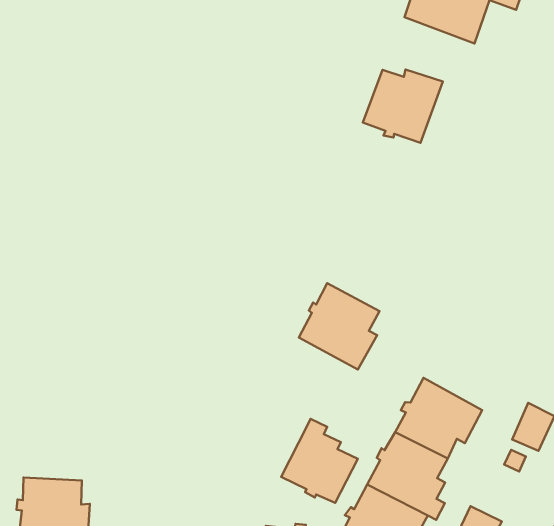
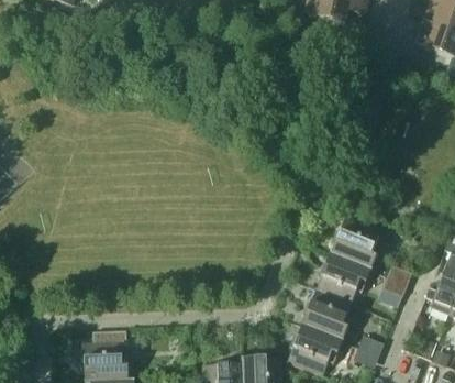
building: [363,70,443,143] -> none
building: [299,283,380,370] -> [331,217,380,270]
building: [281,419,358,503] -> none

